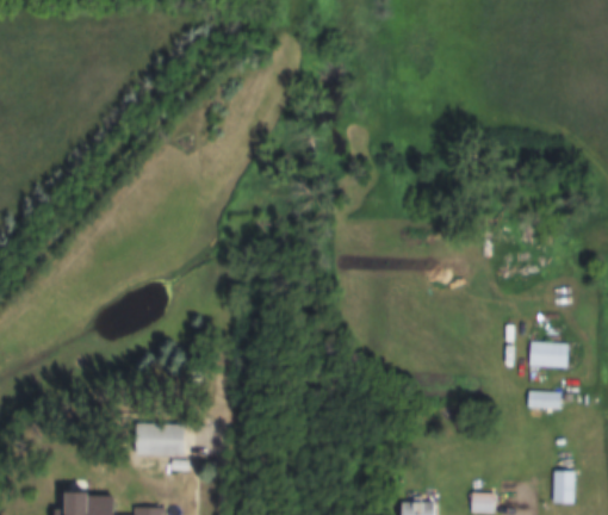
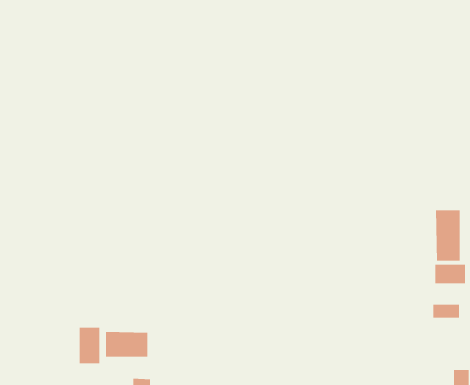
building: none -> [435,209,460,261]
building: none -> [79,327,100,364]

